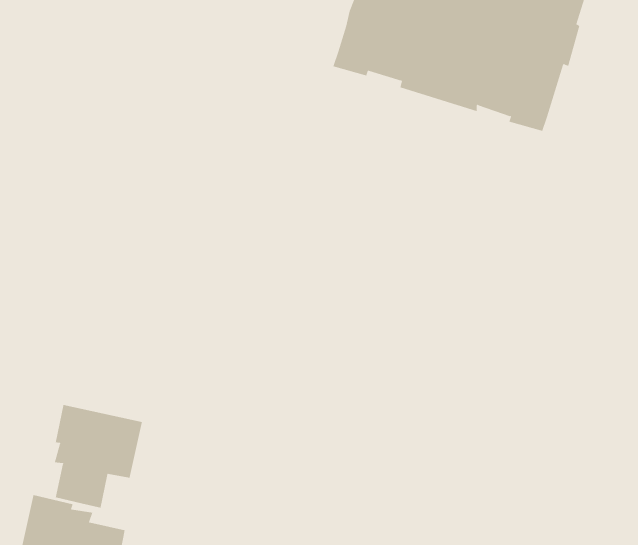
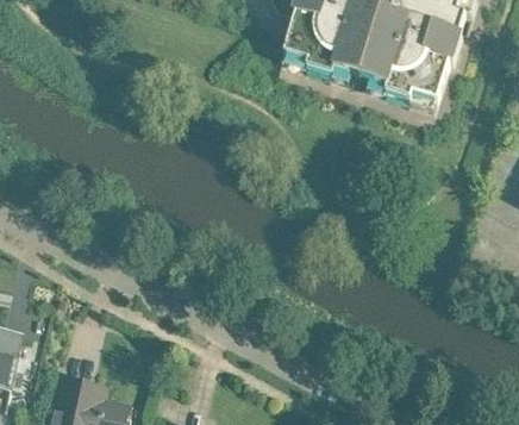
building: [54,404,143,508] -> none

